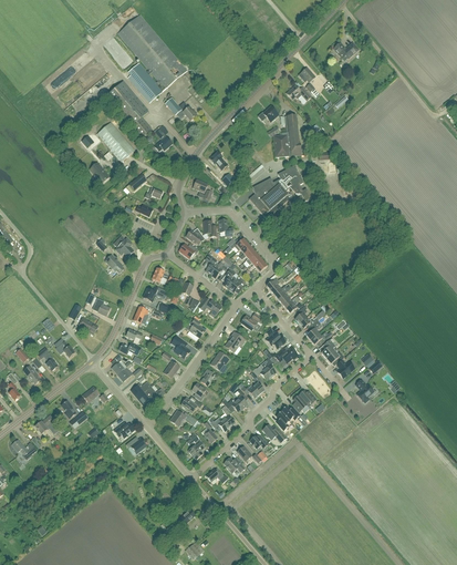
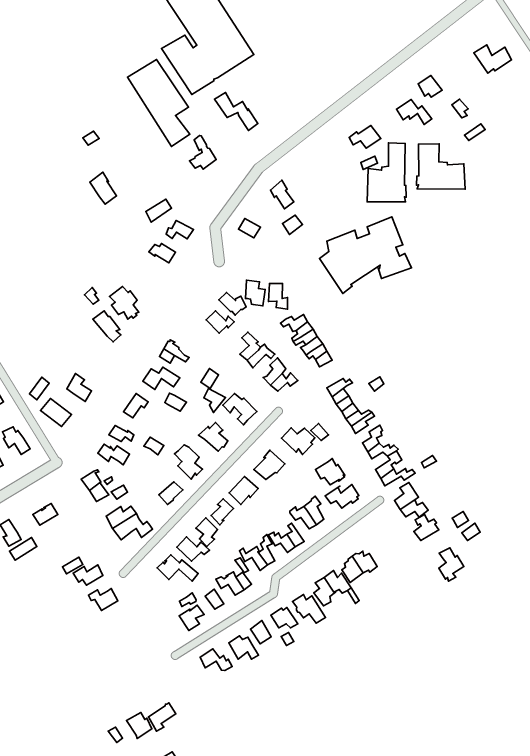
building: none -> [417,144,465,189]
building: [97,121,135,161] -> none

